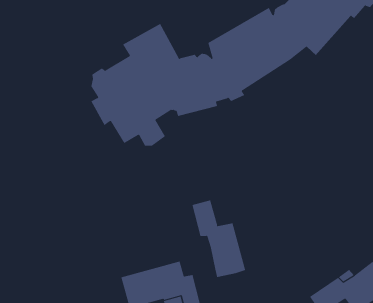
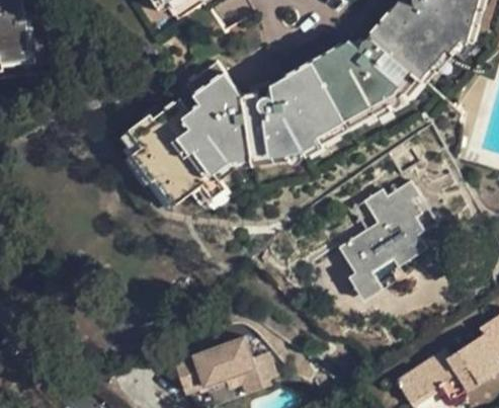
building: none -> [338,180,437,302]
building: [192,200,246,278] -> none

